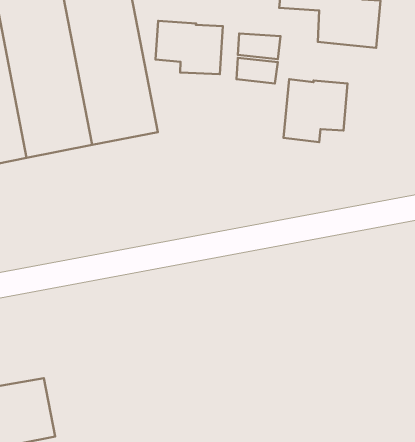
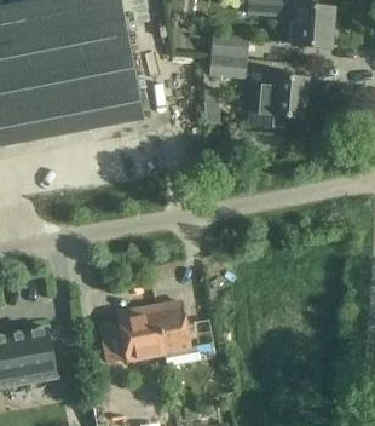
building: [155,21,223,74] -> none
building: none -> [100,301,192,362]

